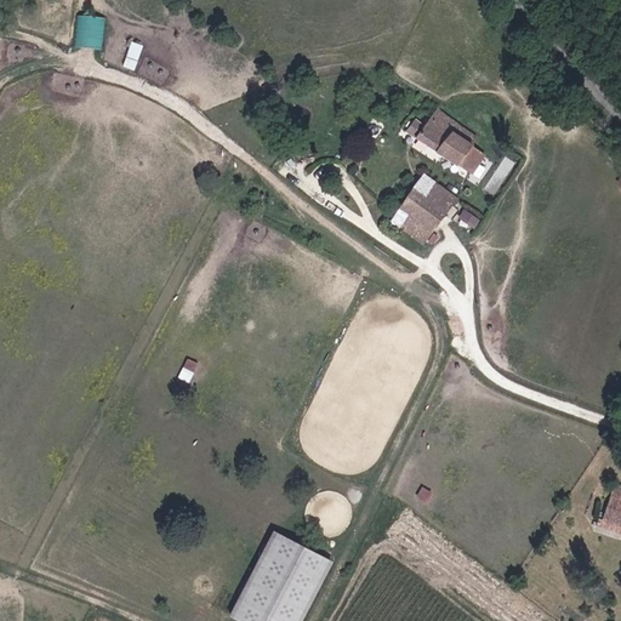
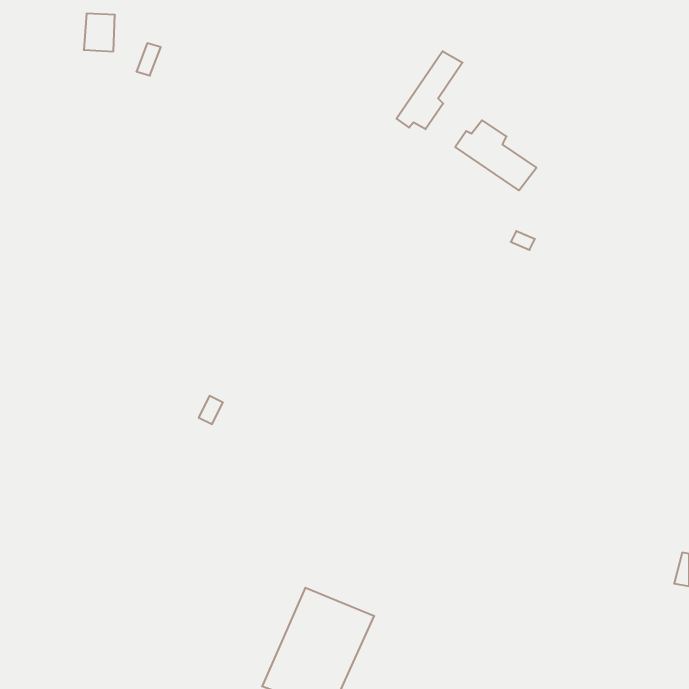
building: none -> [397,51,463,129]
building: [382,175,452,250] -> none

